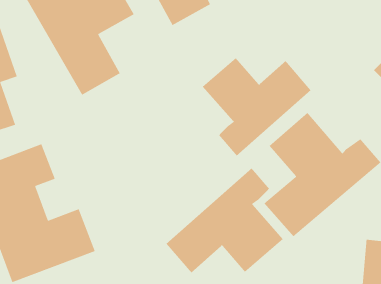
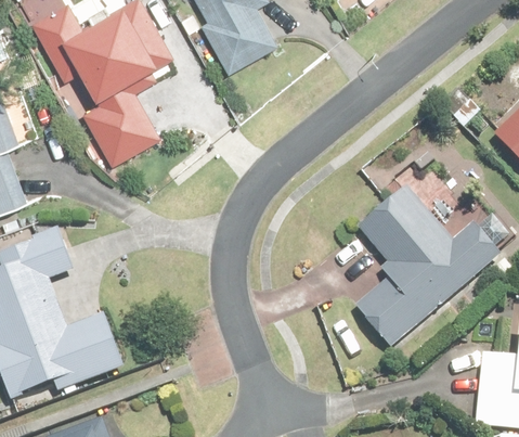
building: [202,57,311,157] -> none
building: [166,168,284,274] -> none

